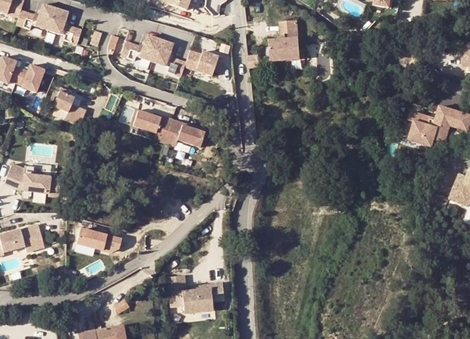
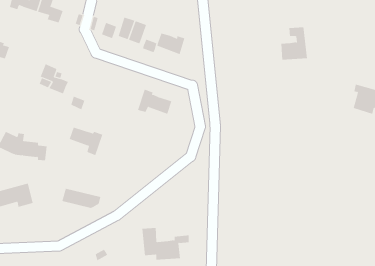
building: [269,21,300,59] -> [281,27,308,60]
building: [13,68,40,95] -> none
building: [132,108,171,141] -> [69,127,103,156]

